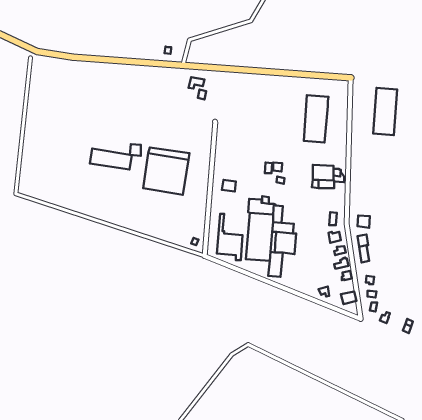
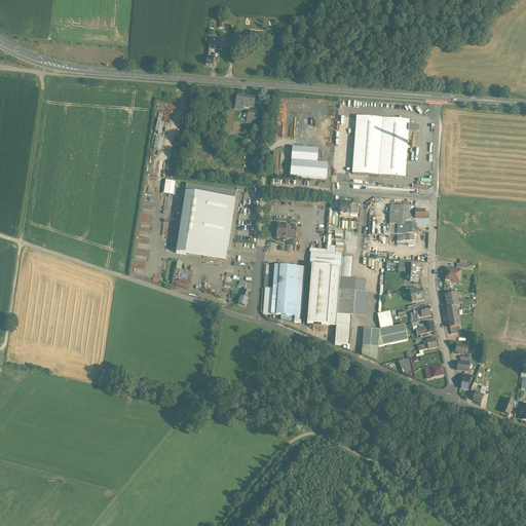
building: [373,88,397,135] -> [351,116,381,175]
building: none -> [290,147,326,178]
building: [90,149,132,169] -> [175,233,227,259]
building: none -> [276,265,303,292]
building: none -> [361,322,407,360]

